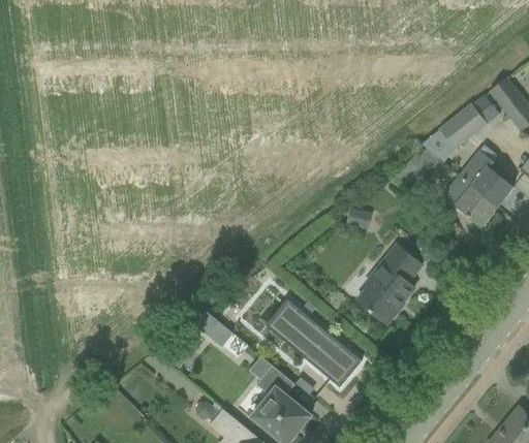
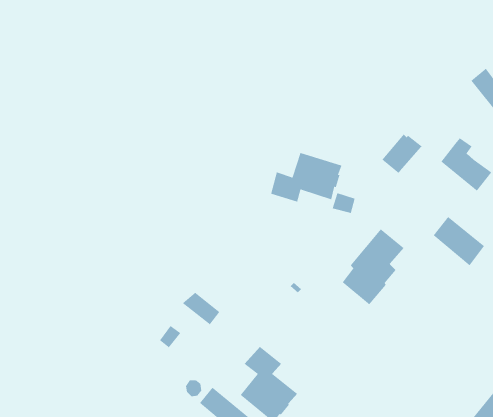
building: [439,95,500,147] -> none
building: none -> [270,152,342,203]
building: [444,175,498,226] -> [433,216,485,266]
building: [275,304,363,386] -> none

